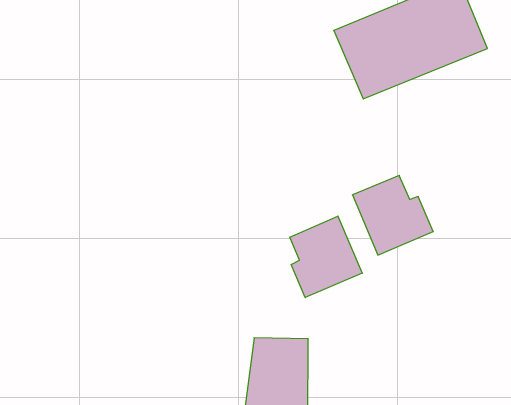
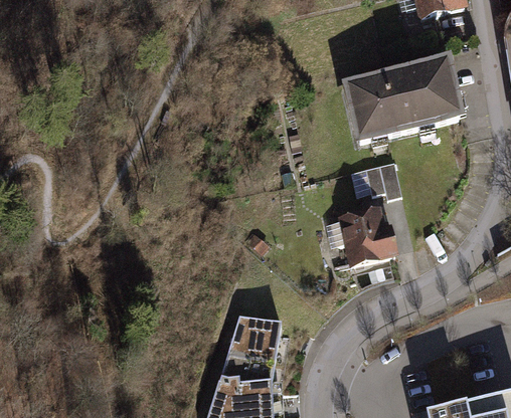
building: none -> [365,159,398,195]
building: [290,216,362,298] -> none

